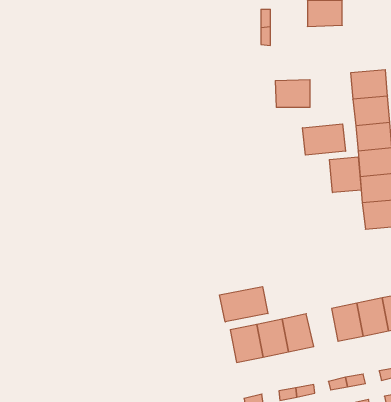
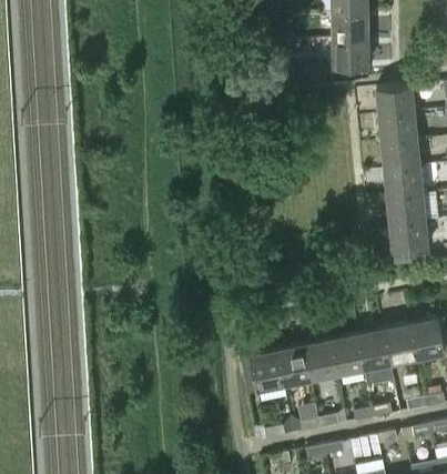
building: [275,80,310,107] -> [331,39,367,68]
building: [303,124,346,155] -> none
building: [329,157,361,193] -> none
building: [220,287,268,322] -> none
building: none -> [329,336,363,376]

